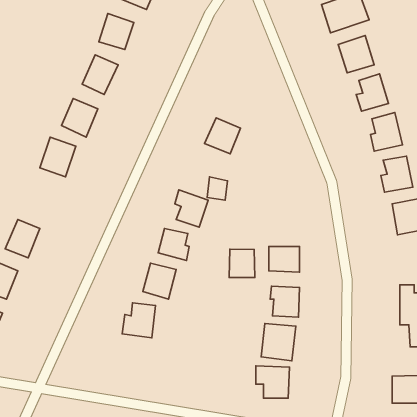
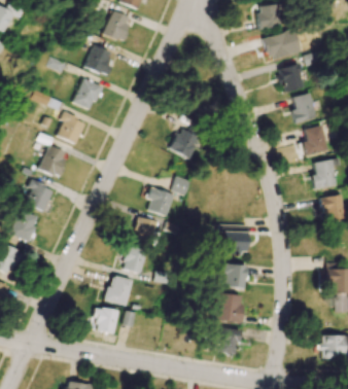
building: none -> [23,180,54,211]
building: [229,249,255,277] -> none
building: none -> [91,307,119,333]

